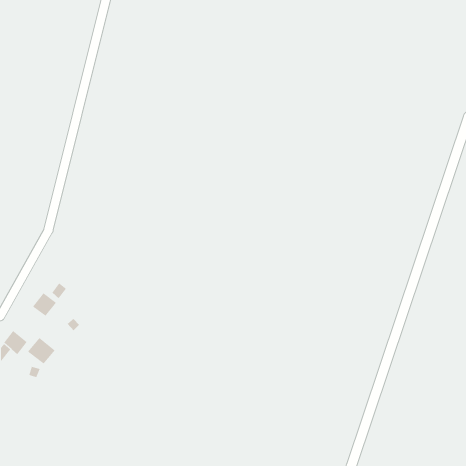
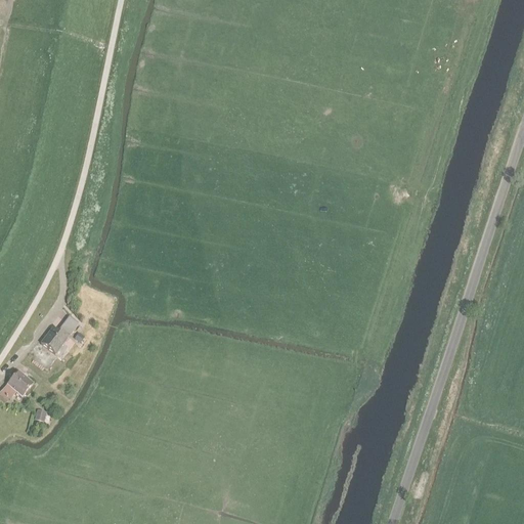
building: [27,337,55,365] -> none

